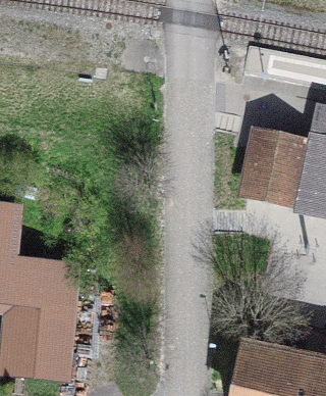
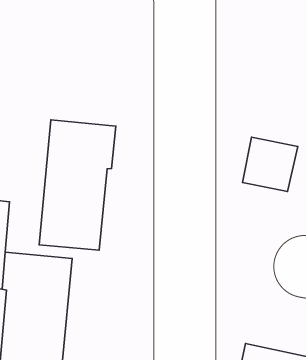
building: none -> [39,120,116,250]

